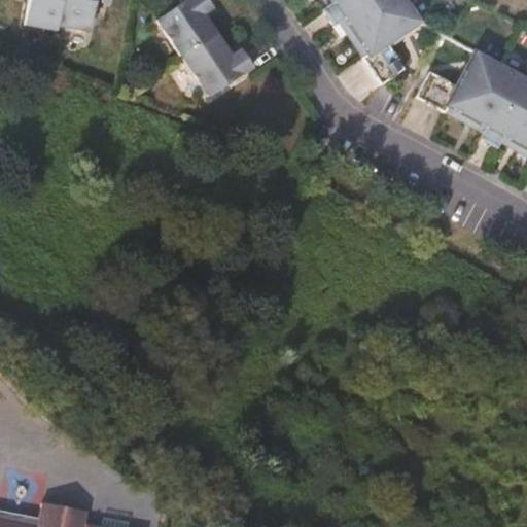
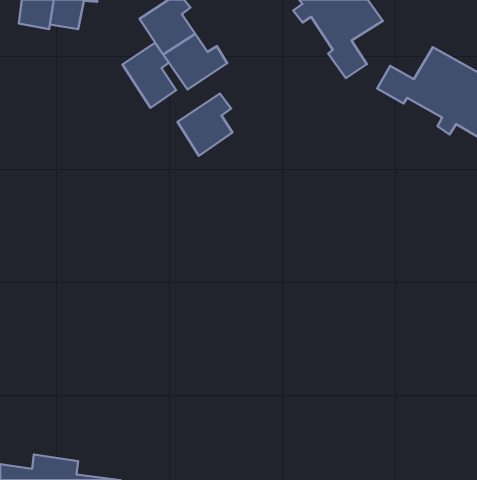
building: none -> [122,43,176,108]
building: none -> [177,93,233,156]

